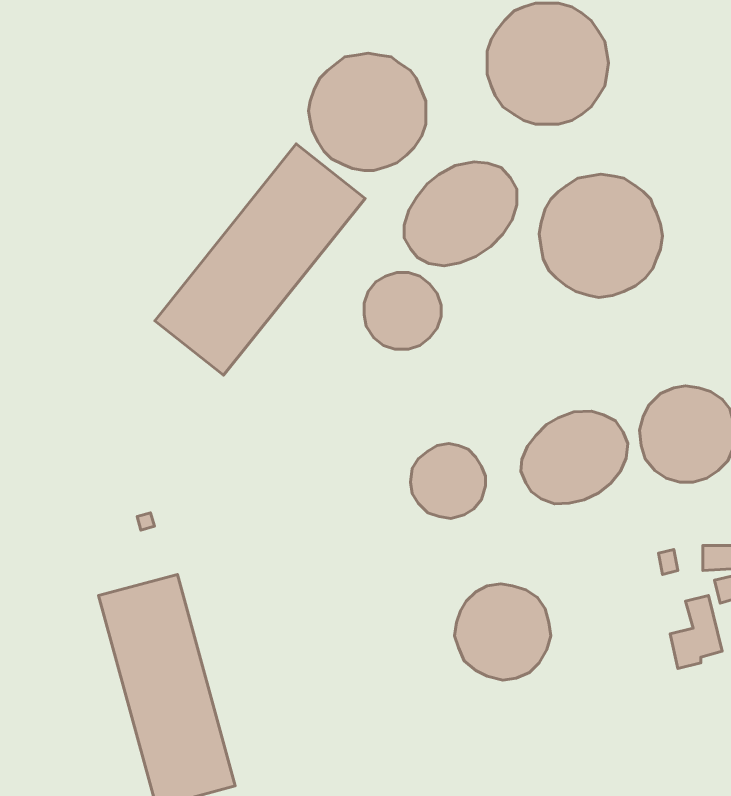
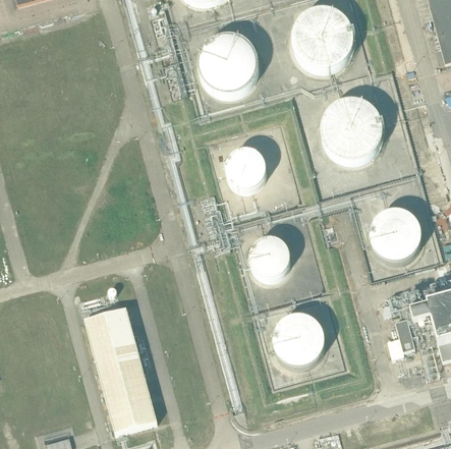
building: [155,144,365,375] -> none
building: [404,162,517,266] -> none
building: [521,411,628,504] -> none

